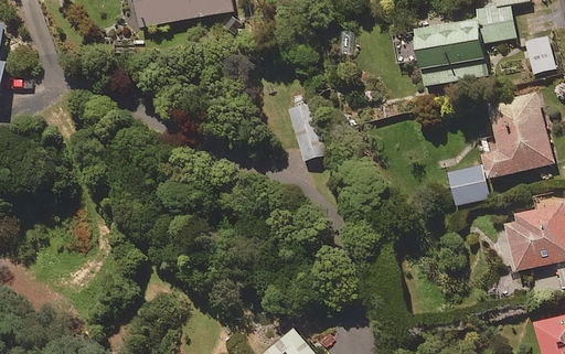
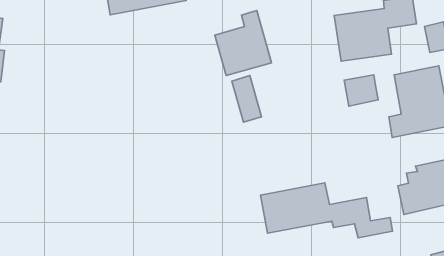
building: none -> [215,10,271,76]
building: [447,164,489,203] -> [344,75,378,106]
building: none -> [261,183,393,238]

